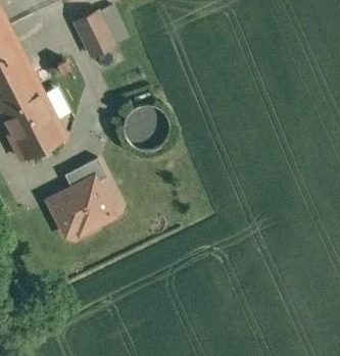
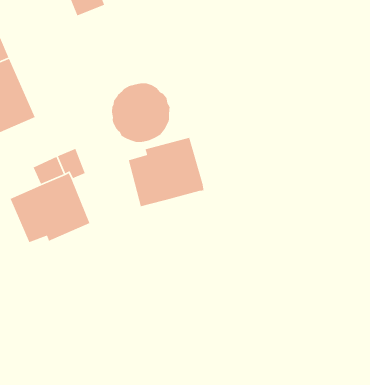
building: none -> [128,137,204,207]

